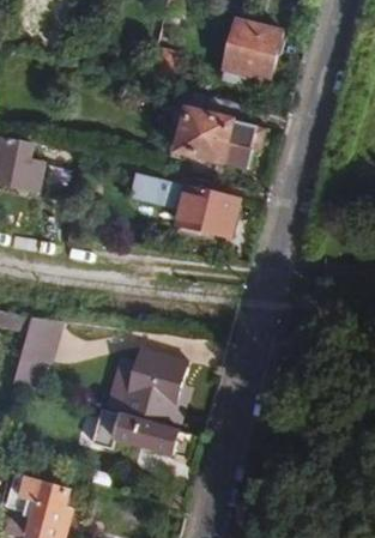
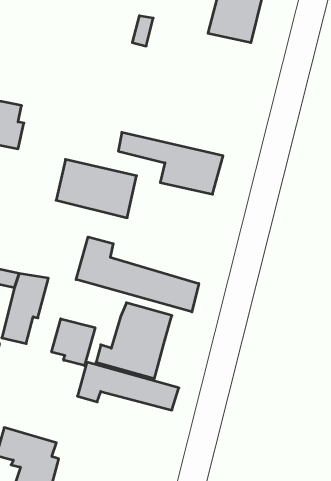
building: [176,109,259,169] -> [56,159,137,218]
building: none -> [76,237,199,312]
building: none -> [52,319,95,366]

